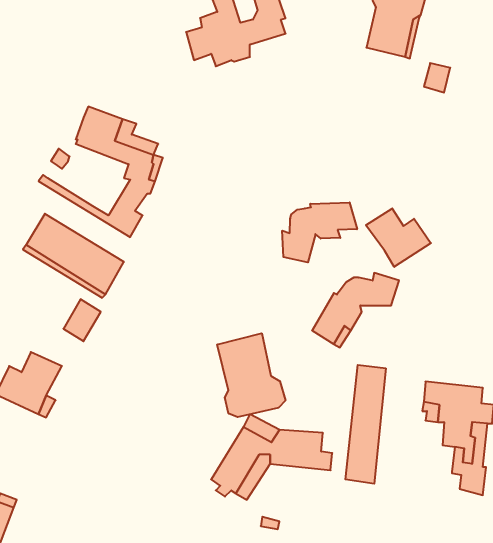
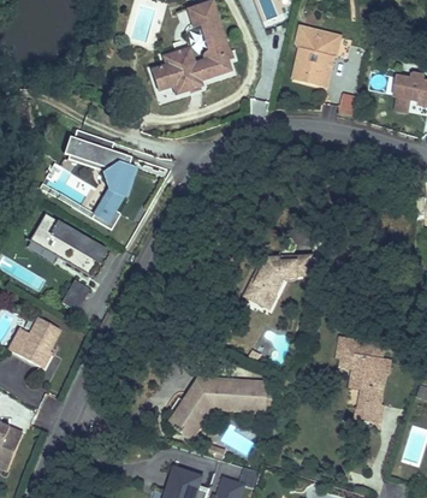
building: [282,202,357,262] -> none
building: [366,208,431,267] -> none
building: [217,333,285,417] -> none
building: [345,365,386,484] -> none

